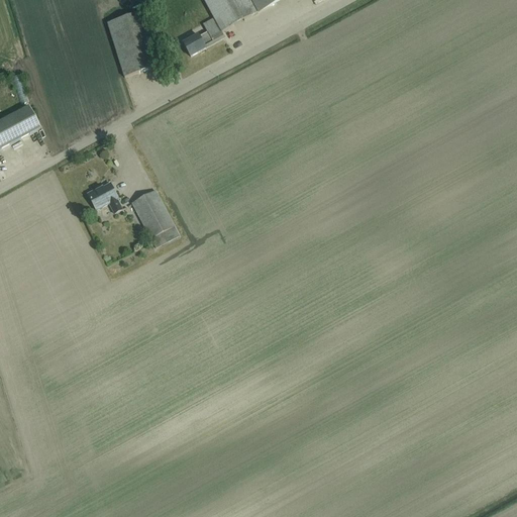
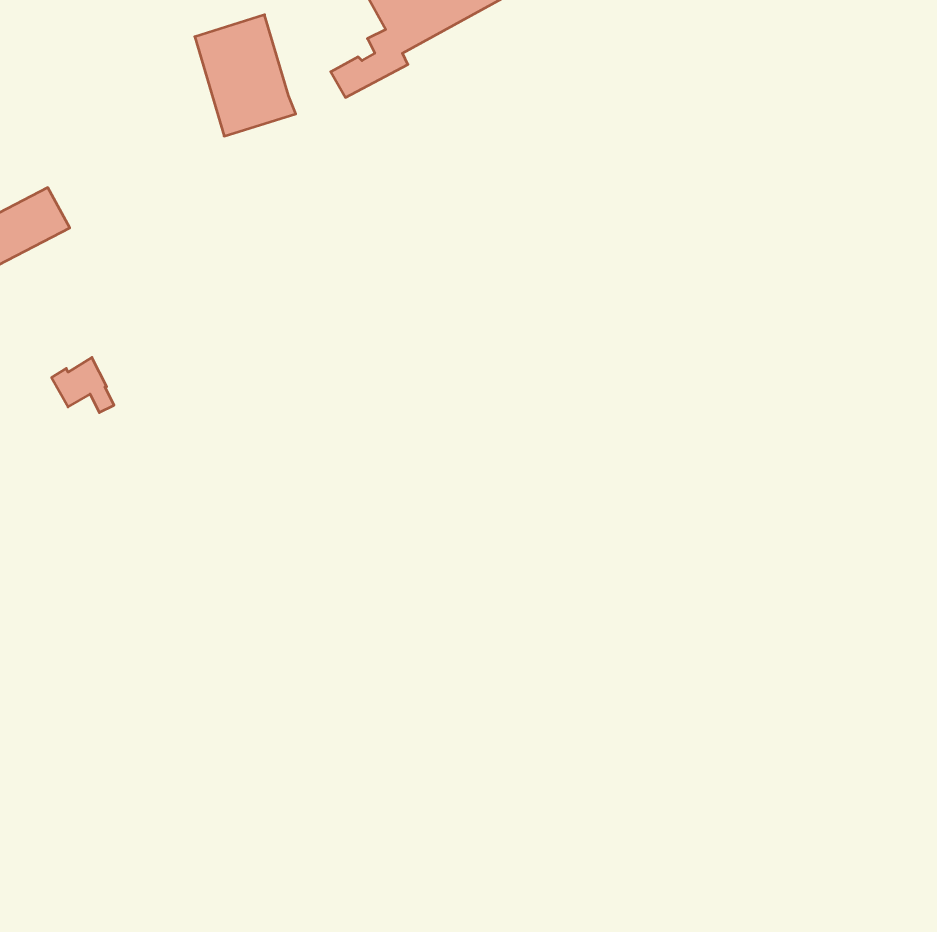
building: [87,181,121,211] -> [52,357,114,413]
building: [131,189,179,245] -> none

